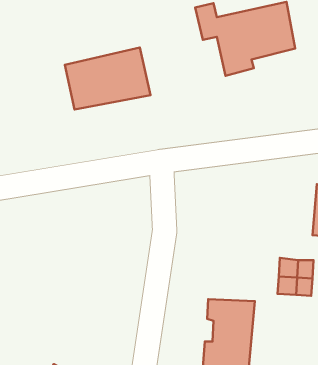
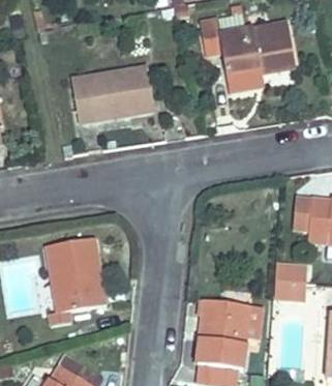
building: none -> [49,238,110,315]

